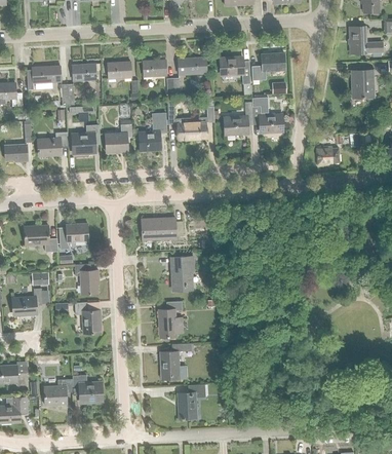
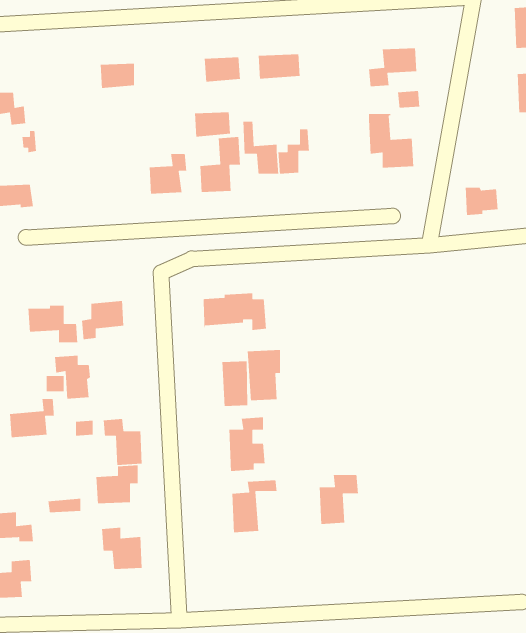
building: [221,55,249,84] -> none
building: [107,62,131,79] -> [194,111,231,137]
building: [27,66,61,90] -> none
building: [225,102,252,137] -> none
building: [73,125,100,154] -> none
building: [37,133,68,156] -> none
building: none -> [221,361,248,407]
building: [74,264,99,294] -> [54,355,91,399]
building: [43,379,72,406] -> [96,464,139,504]
building: [178,385,204,419] -> [319,474,359,525]

